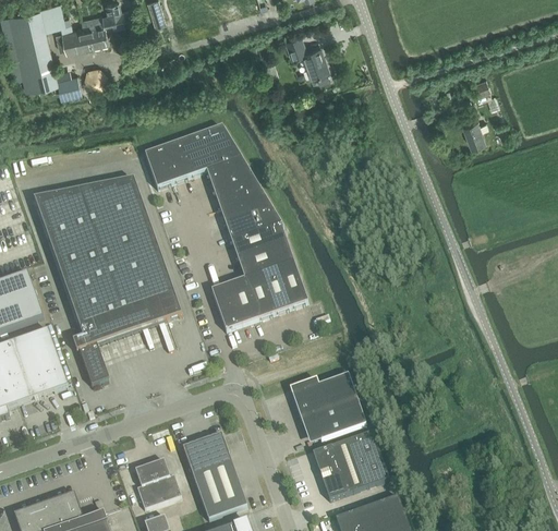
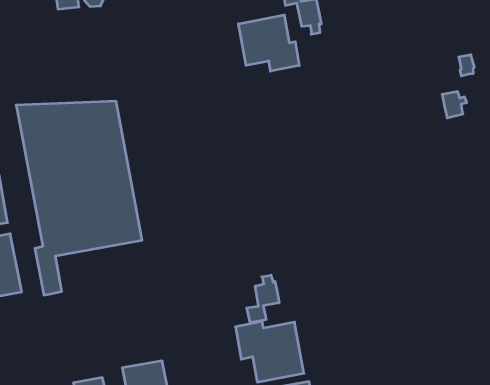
building: none -> [238,15,299,71]
building: [144,124,307,329] -> none
building: none -> [247,275,279,323]

